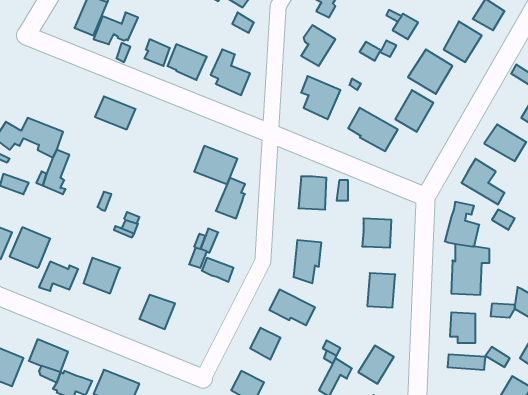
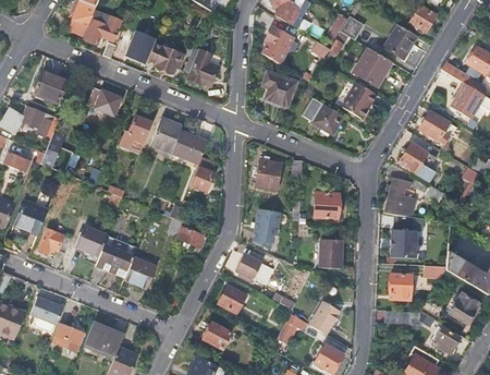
building: none -> [33,71,66,105]
building: none -> [120,118,151,154]
building: none -> [150,119,182,153]
building: none -> [96,237,135,277]

